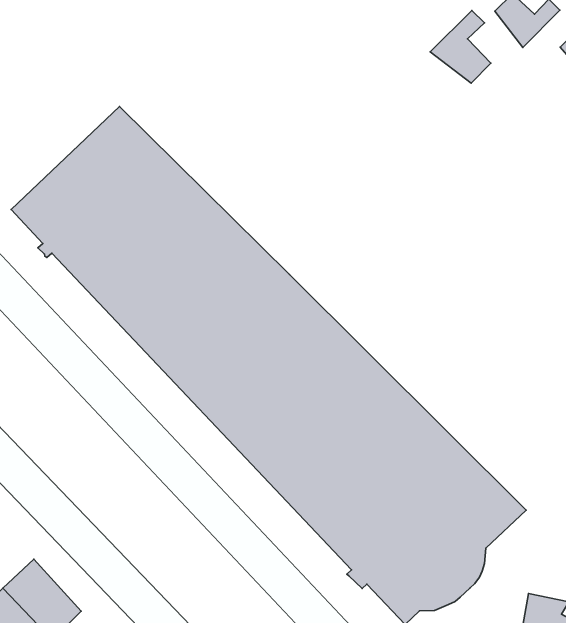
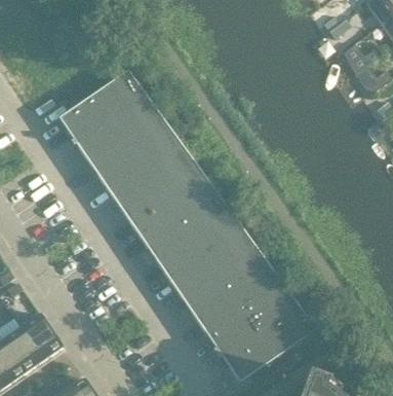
building: [430,11,491,83] -> none

